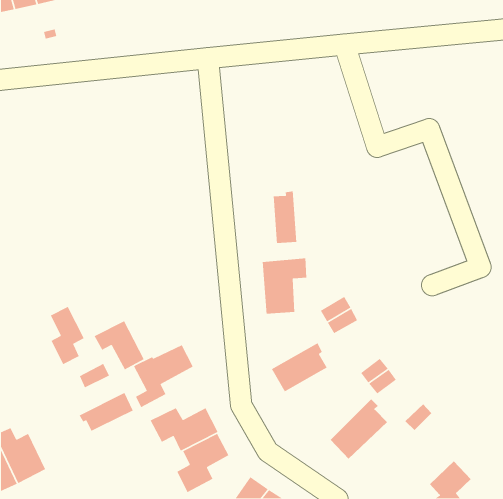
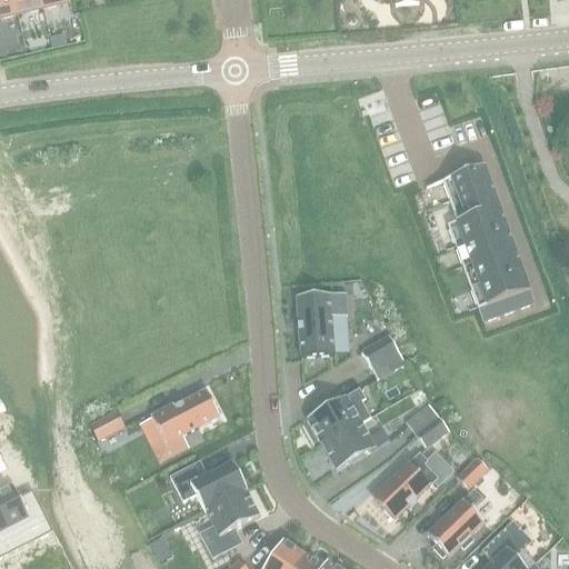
building: none -> [426,162,535,319]
building: [273,191,297,244] -> none
building: [50,306,85,365] -> none
building: [93,320,145,370] -> none
building: none -> [321,420,389,469]
building: [79,392,134,432] -> none
building: none -> [429,487,483,555]

